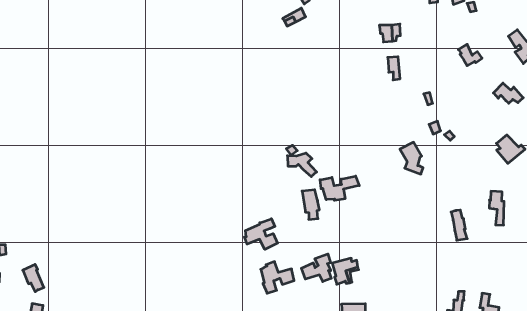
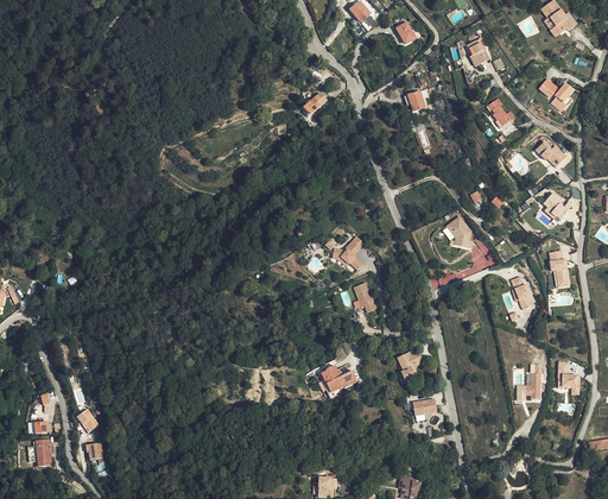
building: [320,176,359,200] -> none
building: [244,219,278,249] -> none
building: [301,254,331,282] -> none

